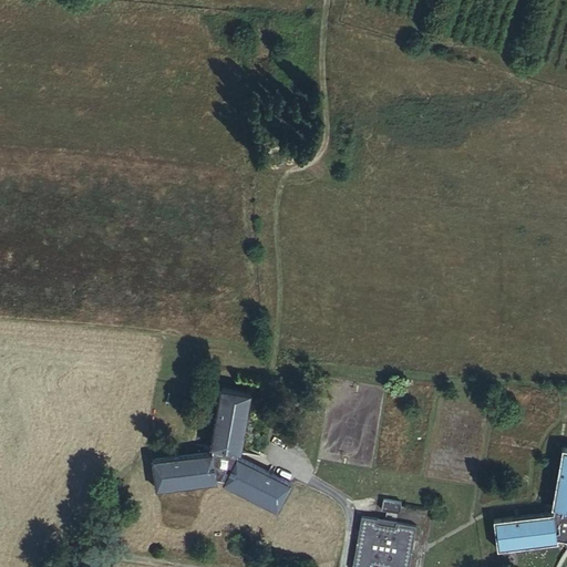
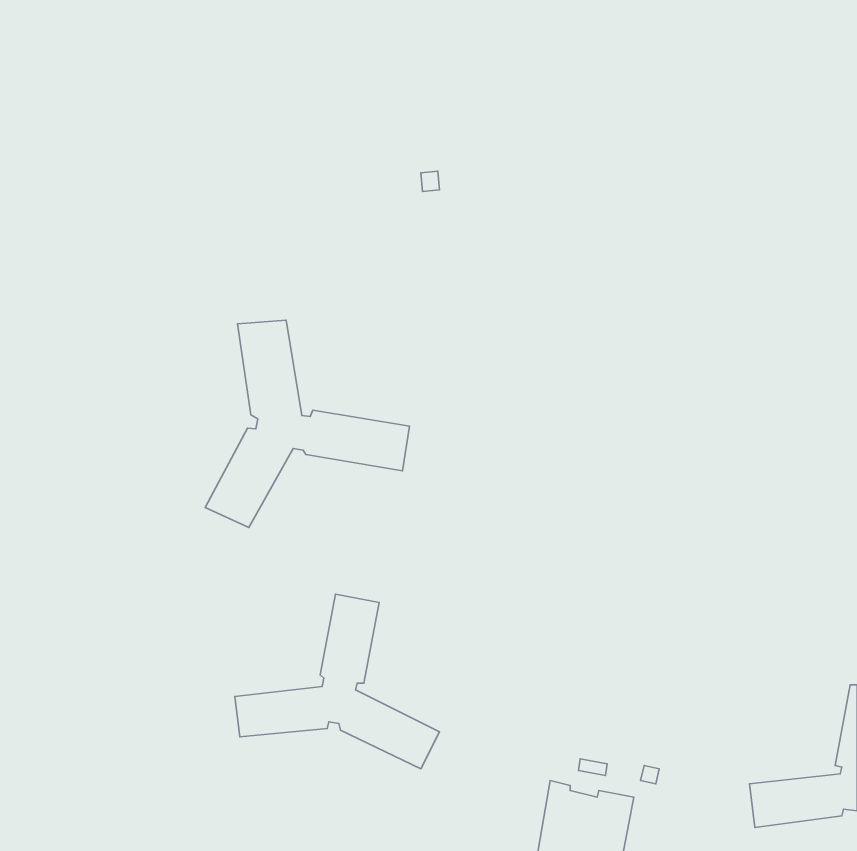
building: none -> [205,320,409,527]

